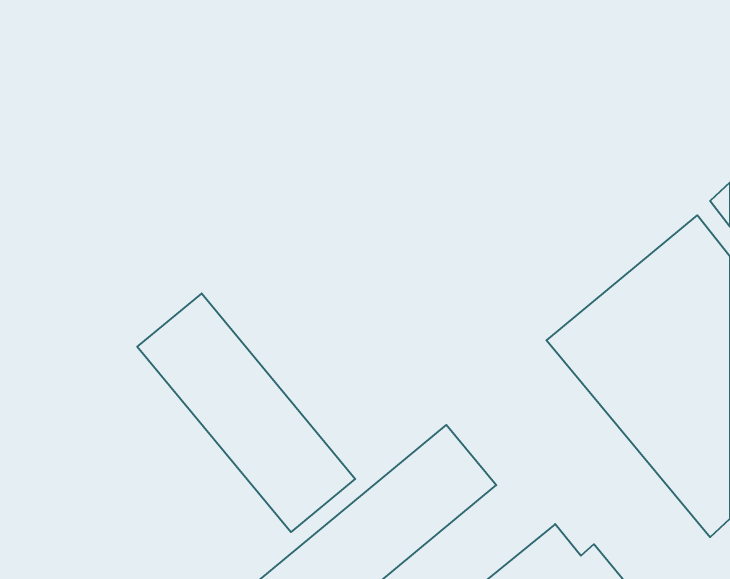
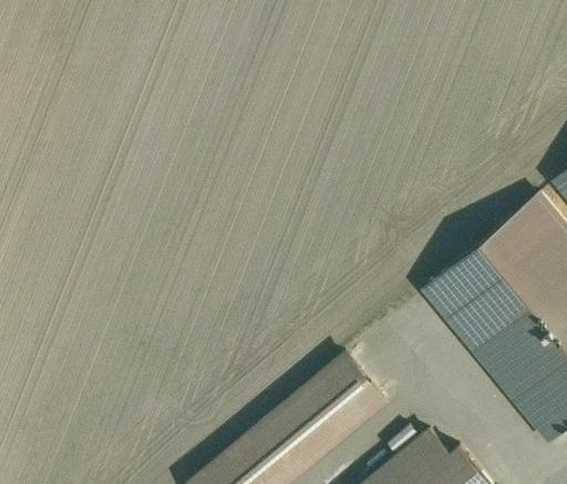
building: [137,293,355,532] -> none

